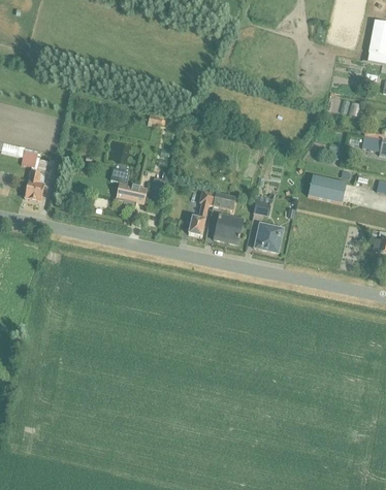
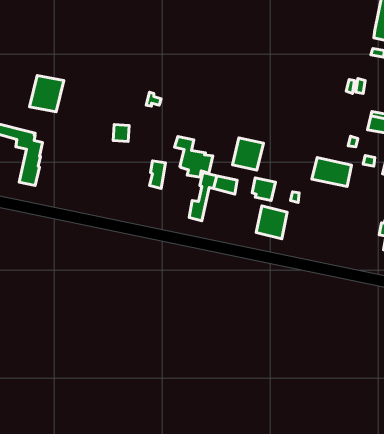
building: none -> [29,75,64,112]
building: [110,169,148,208] -> [175,137,213,177]
building: [214,213,244,243] -> [232,138,263,170]

